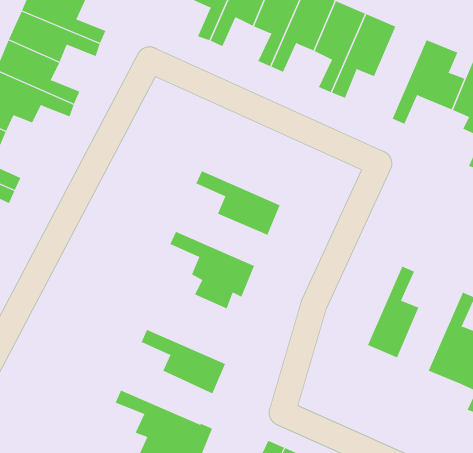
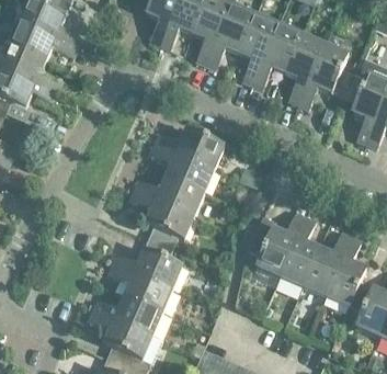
building: none -> [285,33,325,103]
building: none -> [153,128,225,169]
building: none -> [134,175,204,215]
building: none -> [249,211,306,275]
building: none -> [303,230,352,295]
building: none -> [112,237,182,290]
building: none -> [92,295,162,336]

